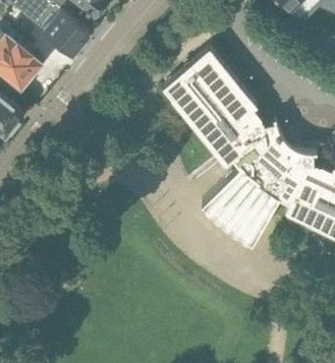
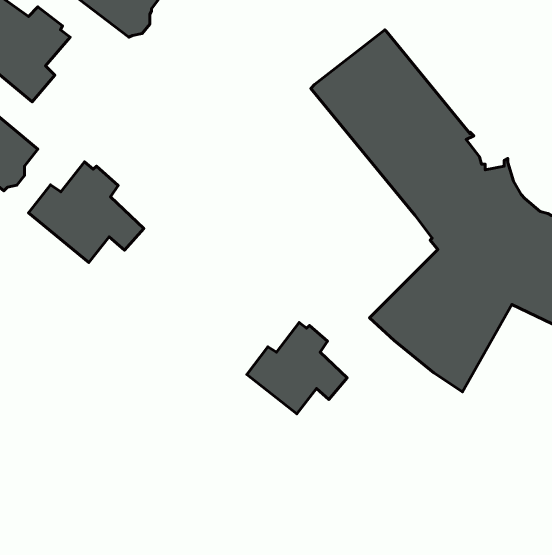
building: none -> [28,162,144,262]
building: none -> [247,322,347,414]

